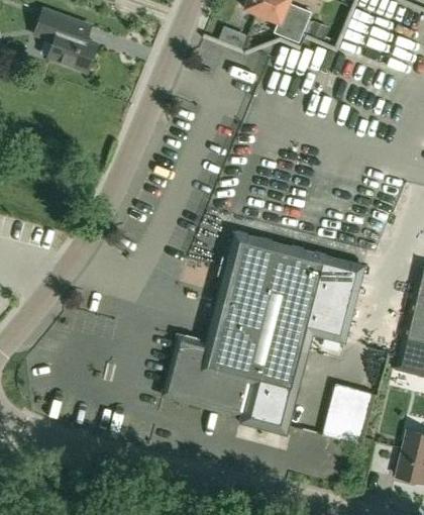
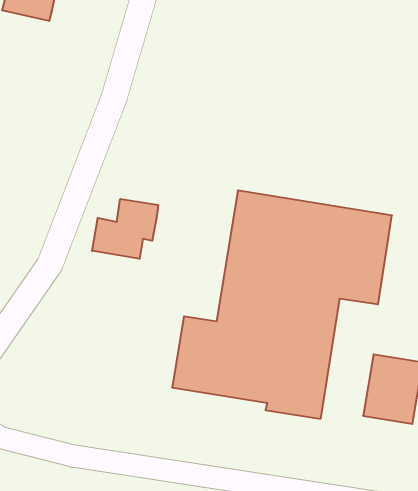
building: none -> [92,199,158,259]

